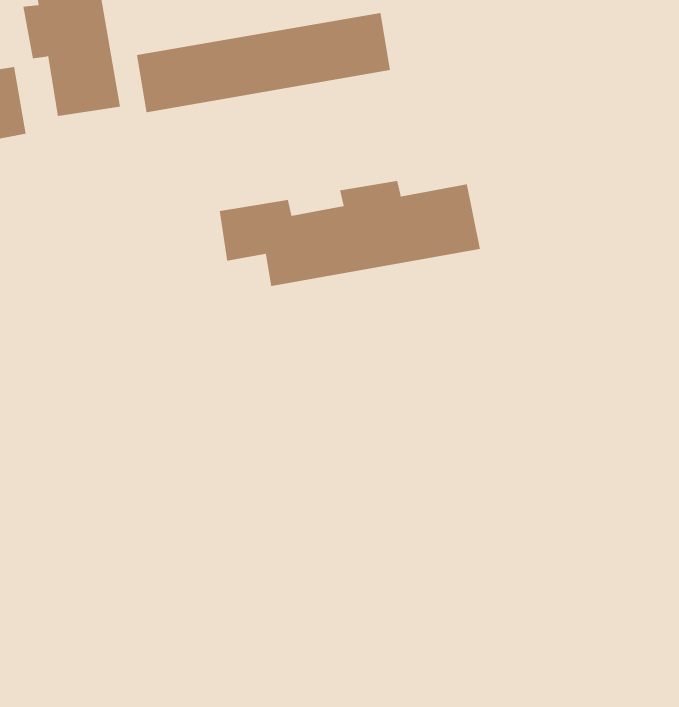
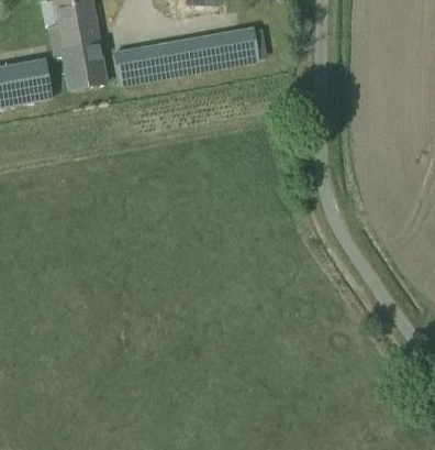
building: [219,180,481,287] -> none

